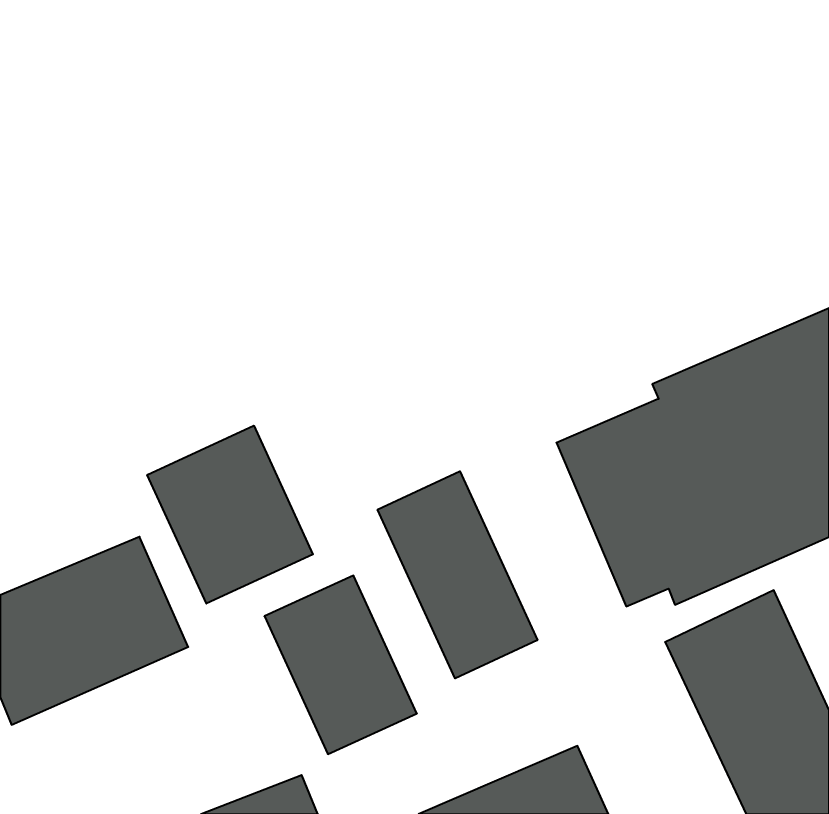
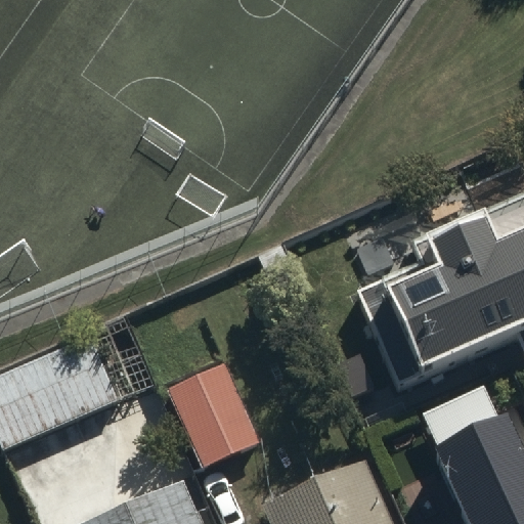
building: [147,426,313,604] -> none
building: [378,471,537,678] -> none

